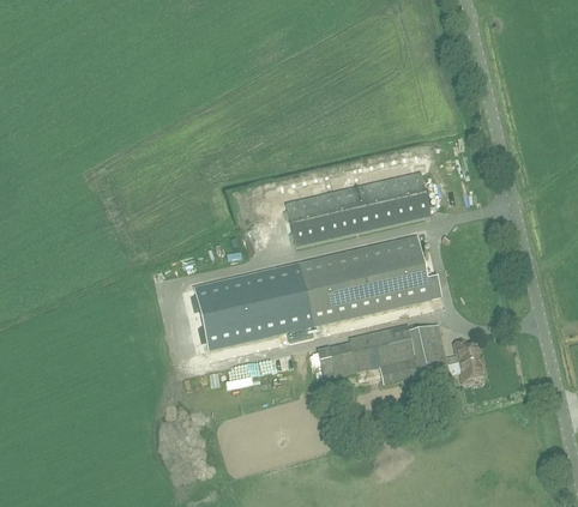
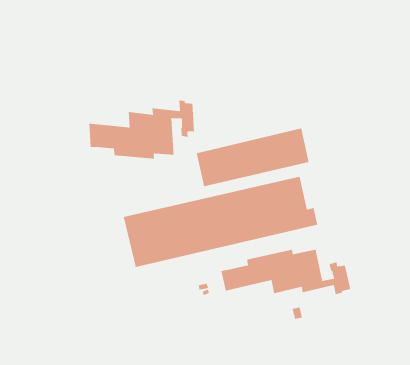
building: none -> [89,100,195,160]

